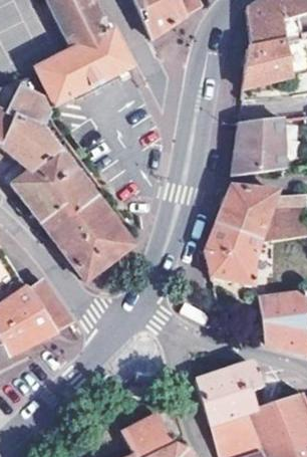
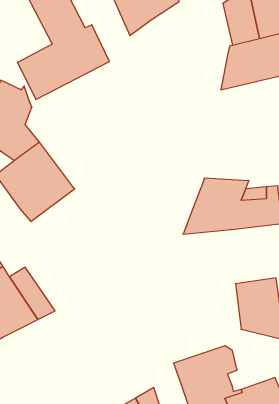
building: [230,118,283,177] -> none
building: [48,197,128,278] -> none
building: [205,239,256,285] -> none

